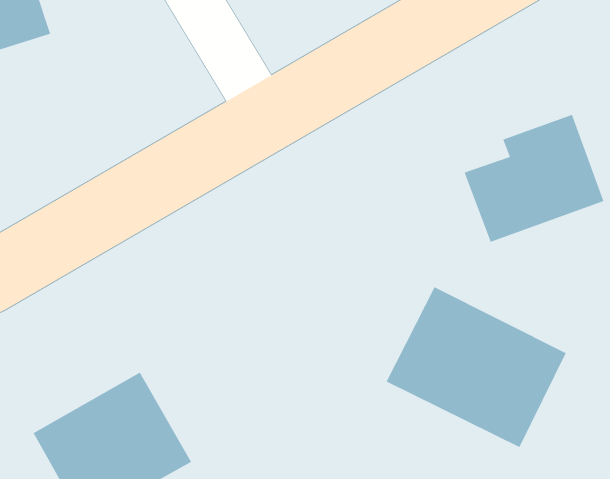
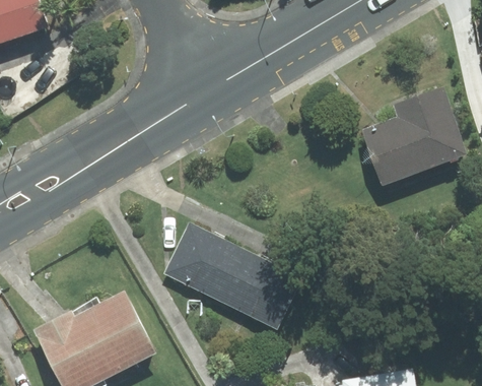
building: [385,286,567,448] -> none
building: none -> [164,222,305,331]

